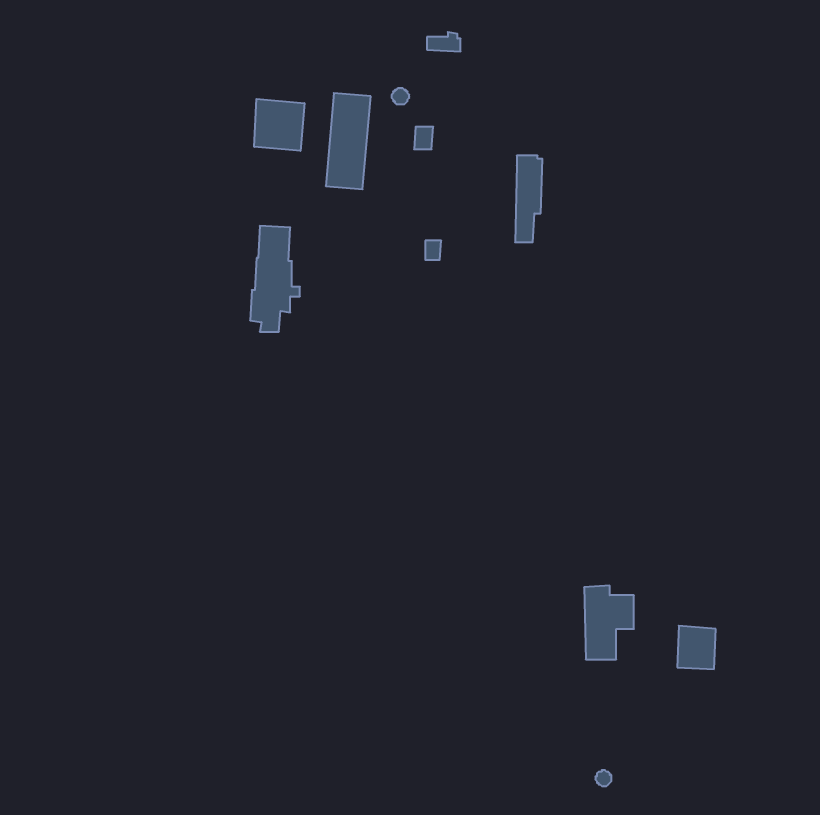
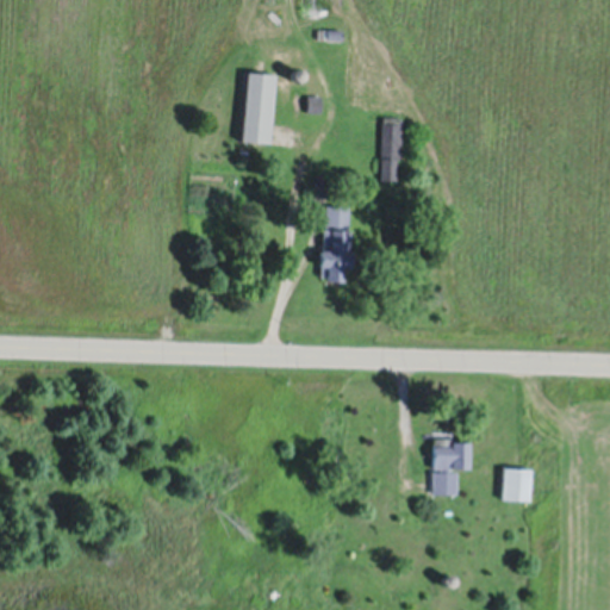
building: [254,99,304,151] -> none
building: [250,226,300,332] -> [319,206,356,285]

